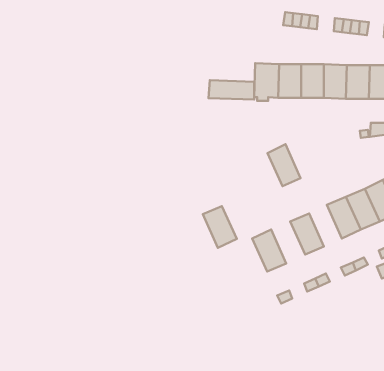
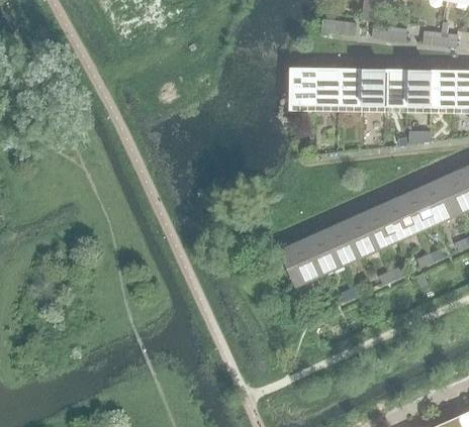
building: [208,80,254,99] -> none
building: [268,144,300,186] -> [346,213,379,255]
building: [203,206,237,248] -> [307,230,342,273]

